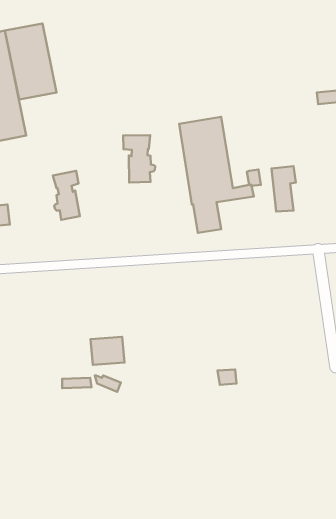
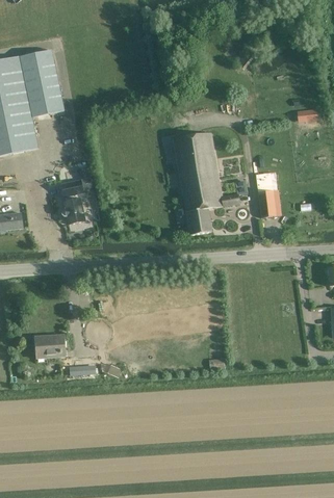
building: [123,135,155,182] -> none
building: [91,337,125,365] -> [35,334,66,359]

